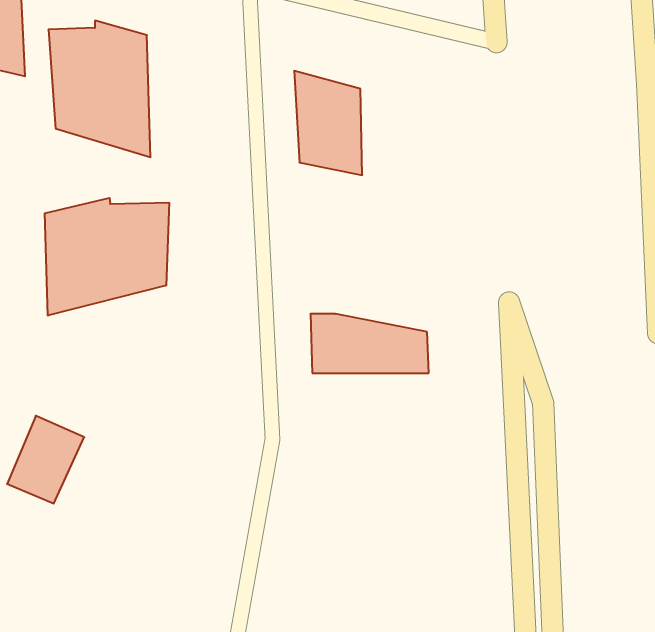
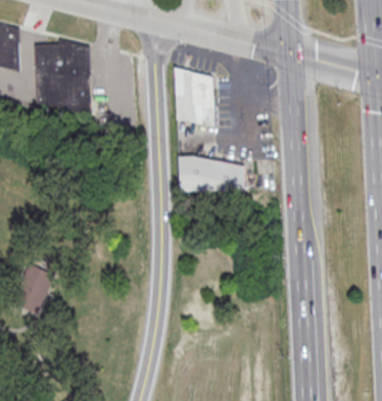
building: [45,198,169,316] -> none
building: [310,314,429,373] -> [178,157,245,191]

